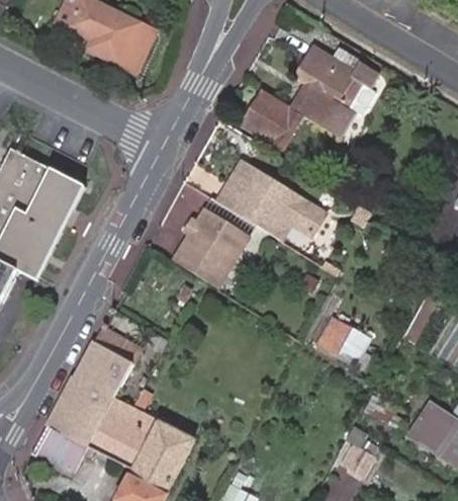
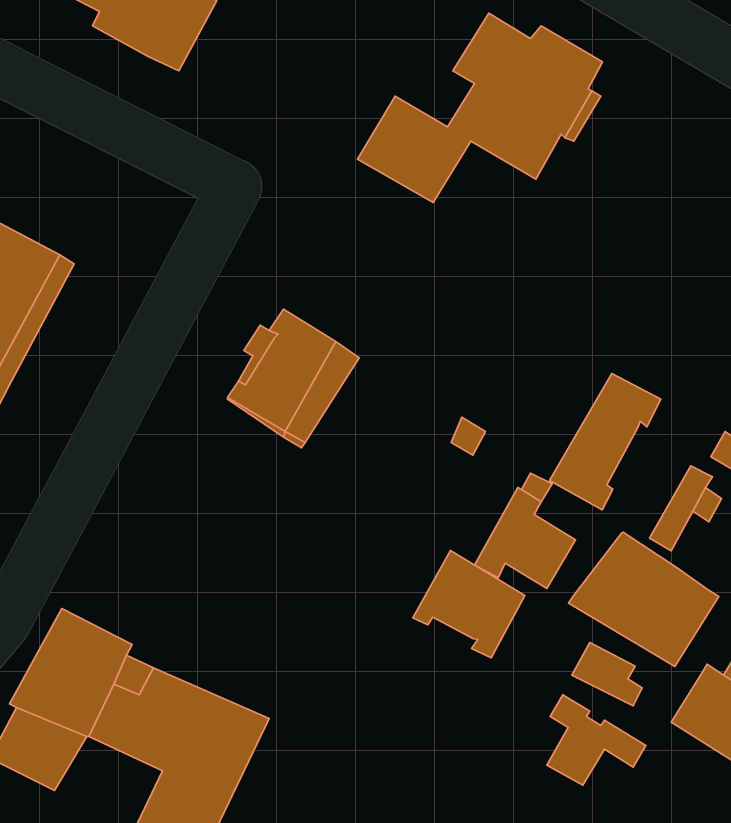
building: [210,158,319,242] -> none
building: none -> [549,373,661,510]
building: [74,327,134,396] -> none
building: none -> [568,532,719,667]
building: none -> [413,551,525,658]

